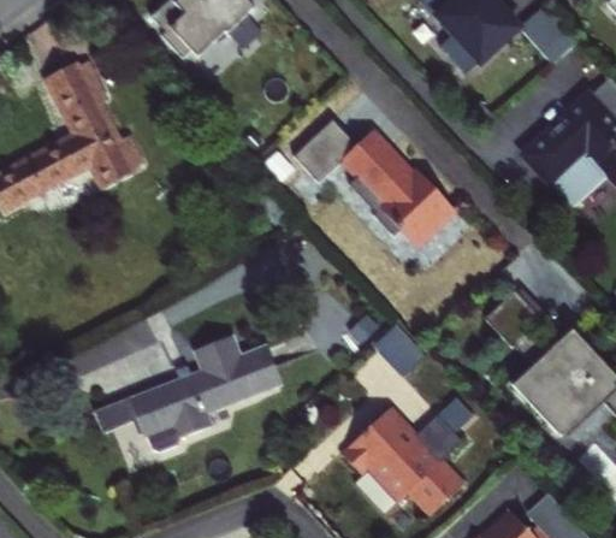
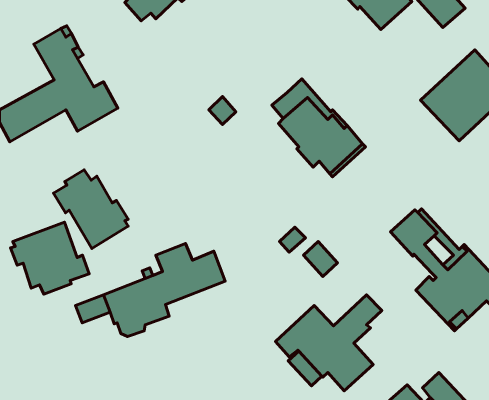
building: [292,117,359,181] -> none
building: none -> [53,170,128,248]
building: none -> [11,222,89,294]

